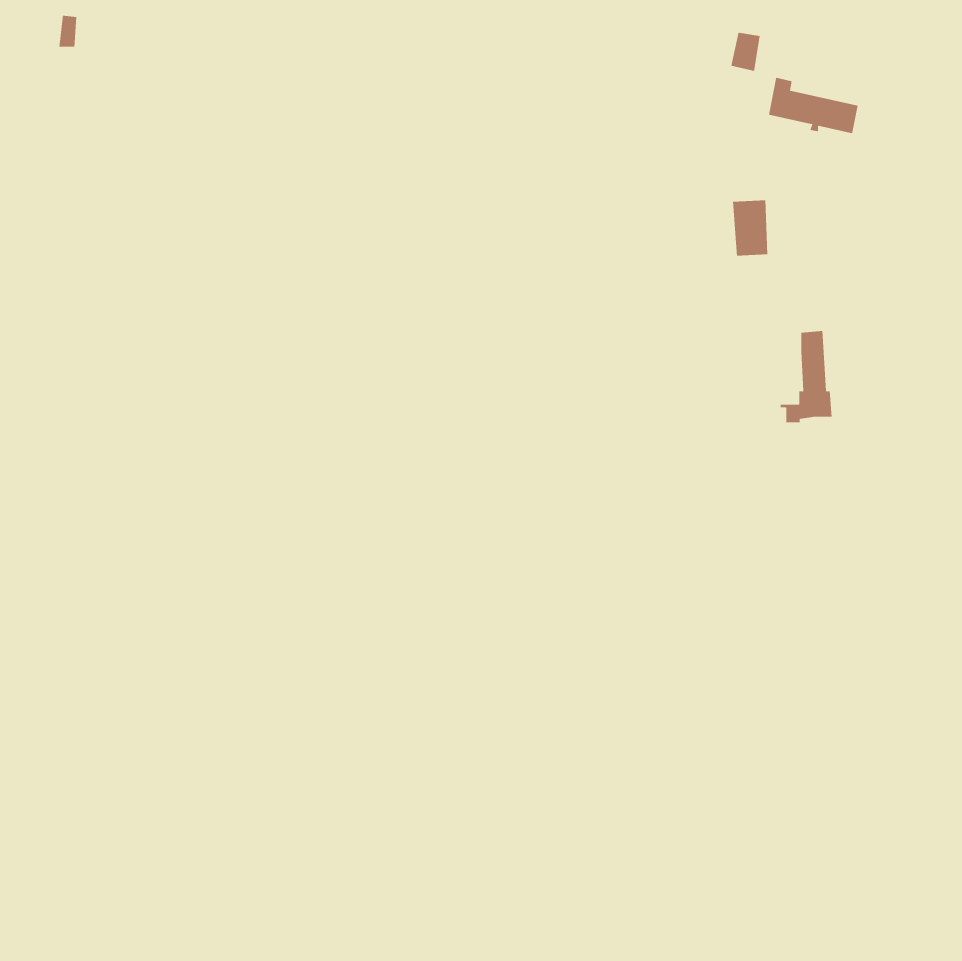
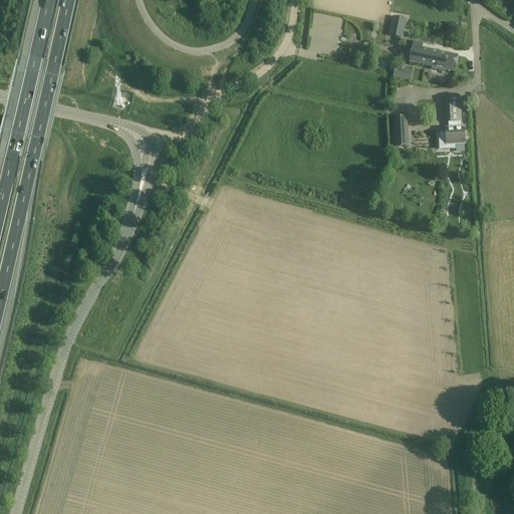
building: [780,331,833,423] -> [437,97,465,147]

